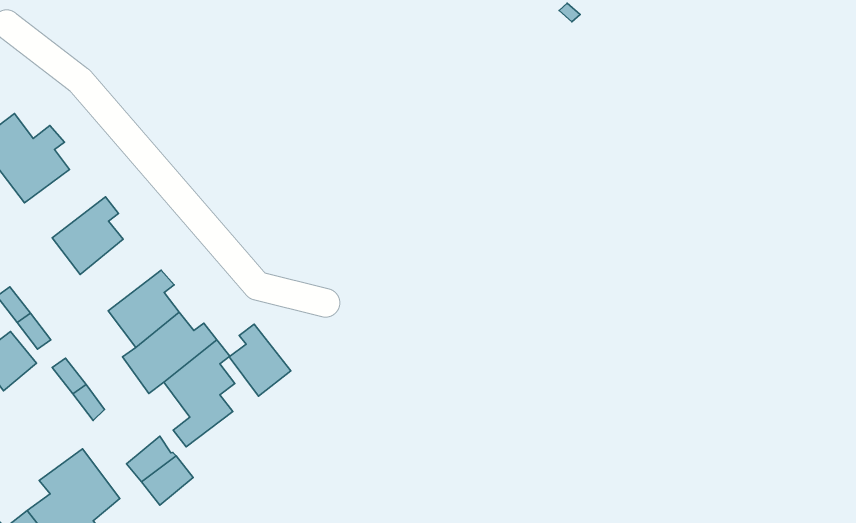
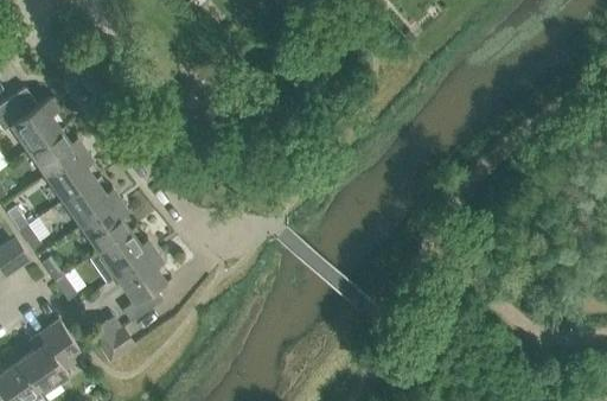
building: none -> [28,128,84,174]
building: none -> [64,178,120,227]
building: [229,324,291,396] -> none

